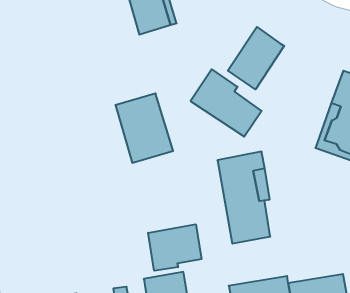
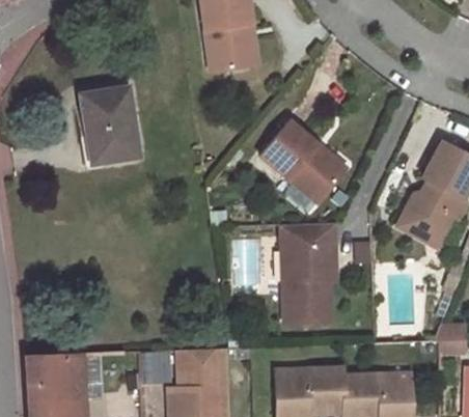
building: [228,27,284,89] -> none
building: [115,93,173,163] -> [81,88,140,164]
building: [148,224,201,271] -> none

